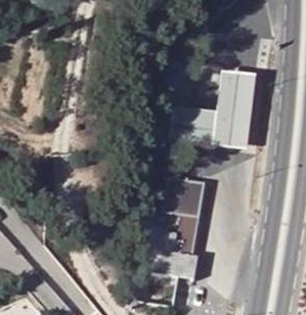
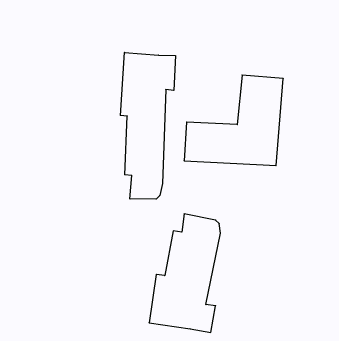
building: none -> [120,52,175,199]

